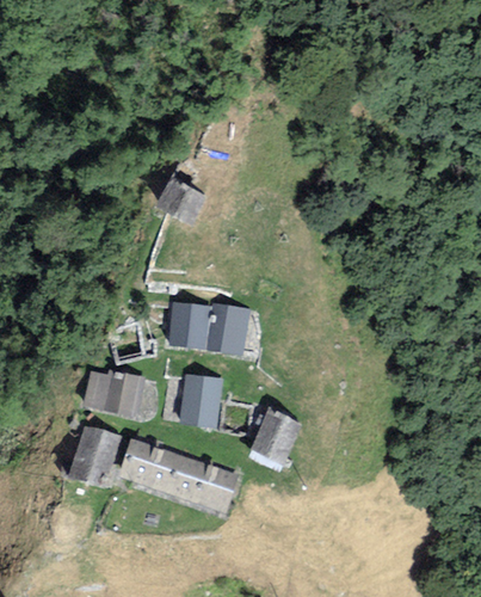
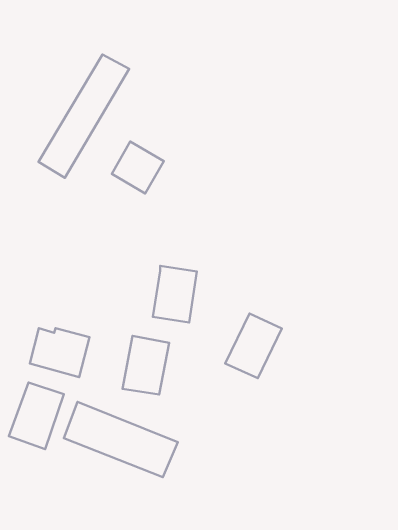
building: none -> [39,54,129,178]
building: [171,302,210,351] -> none
building: [247,407,302,472] -> [225,313,282,378]

